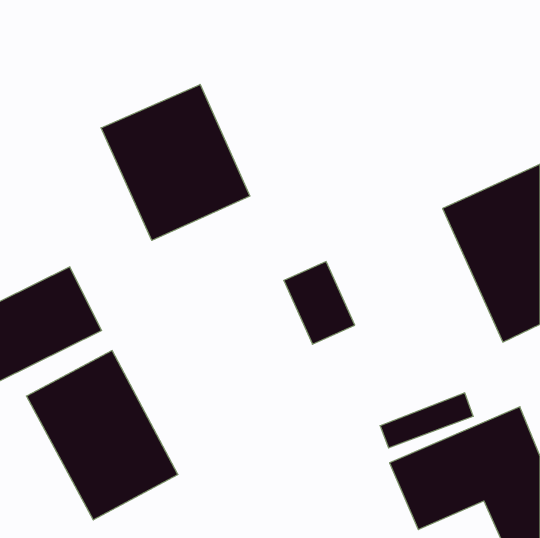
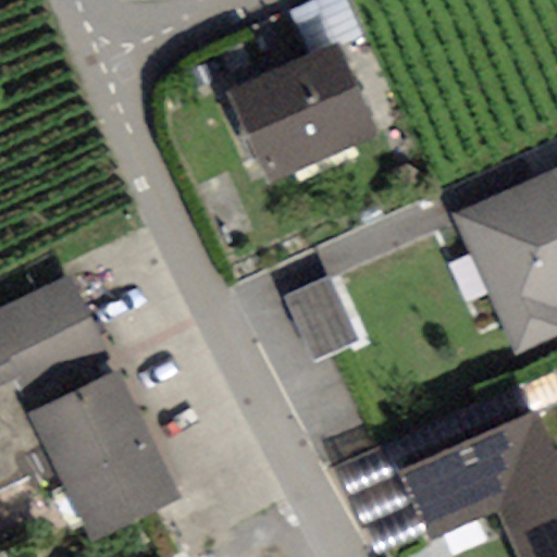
building: none -> [226,40,374,181]
building: [101,84,250,240] -> none

